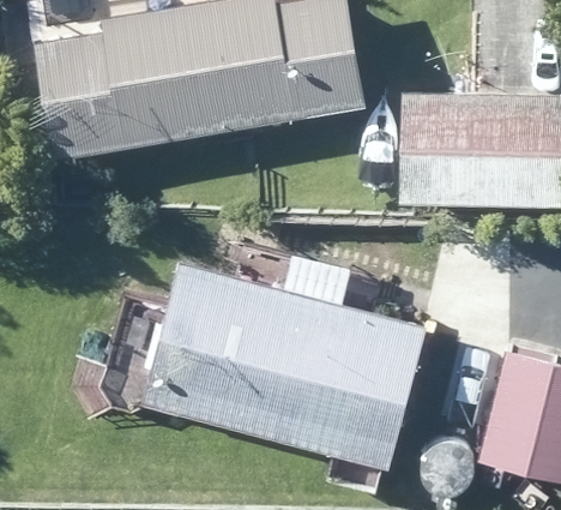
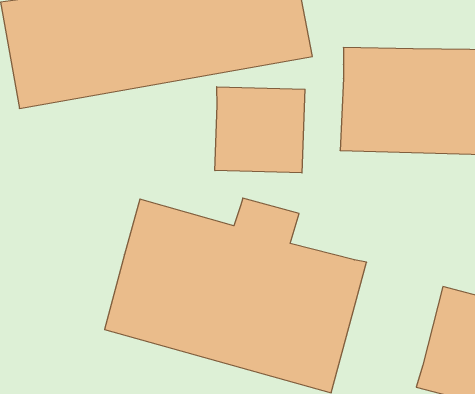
building: none -> [215,87,305,173]

